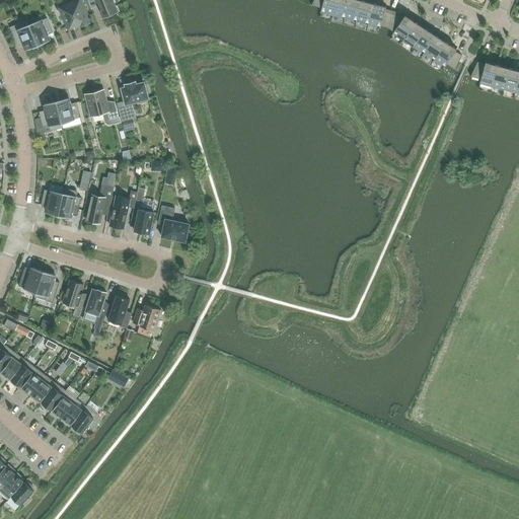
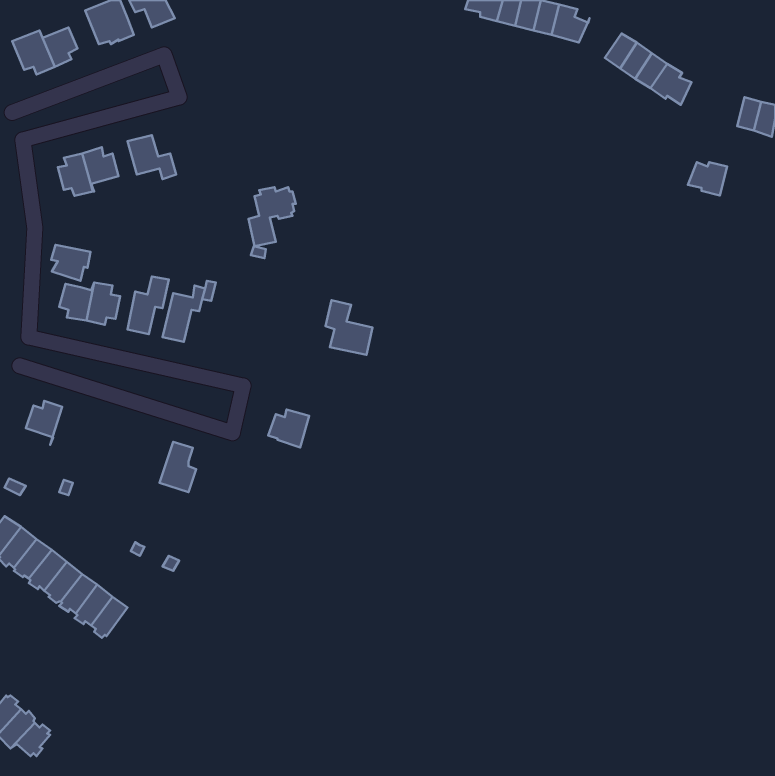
building: [386,12,415,39] -> none
building: [470,62,497,84] -> [688,162,727,195]
building: [117,82,148,122] -> [249,187,296,246]
building: none -> [51,245,91,281]
building: [157,206,189,242] -> [325,300,372,355]
building: [133,207,153,234] -> none
building: [33,272,59,303] -> none
building: [62,281,85,307] -> none
building: [84,289,107,322] -> none
building: [132,305,159,330] -> [268,410,309,448]
building: [71,405,96,434] -> none

